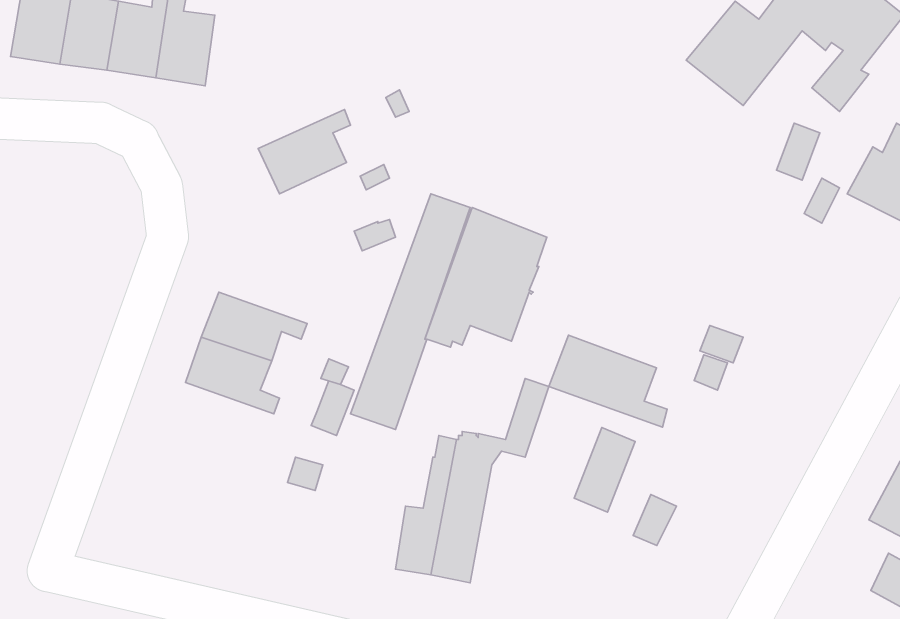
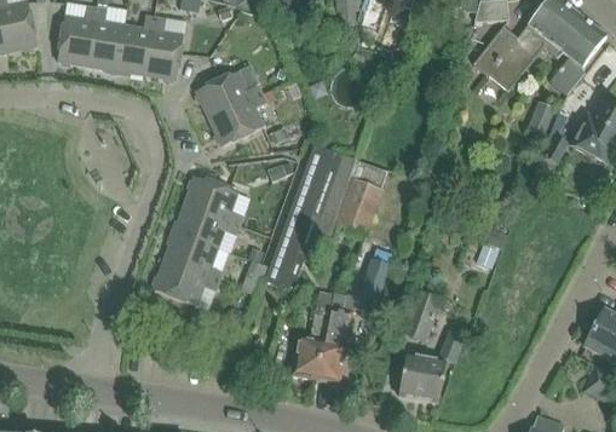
building: none -> [195,69,261,116]
building: none -> [184,175,242,224]
building: [549,335,667,427] -> none
building: none -> [152,260,218,304]
building: none -> [398,356,444,401]

